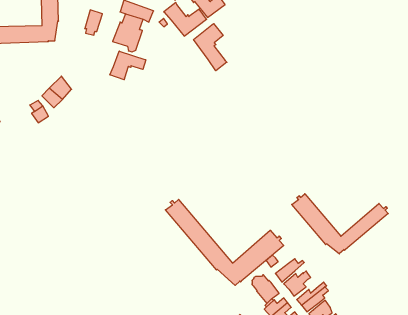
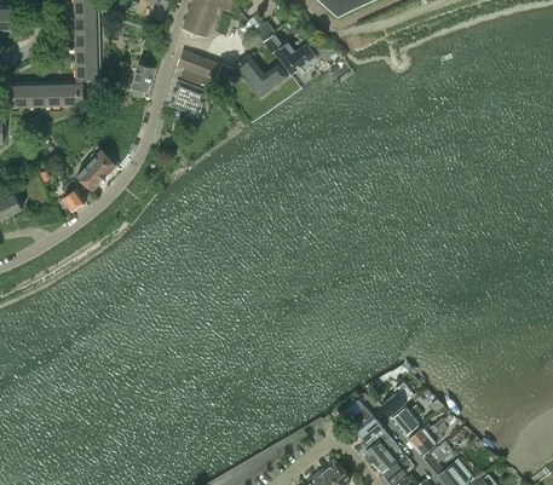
building: [194,24,227,71] -> none
building: [110,51,146,80] -> none
building: [292,194,388,254] -> none
building: [165,199,284,285] -> none

